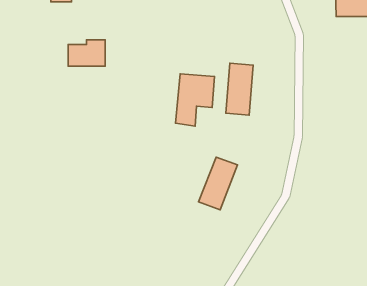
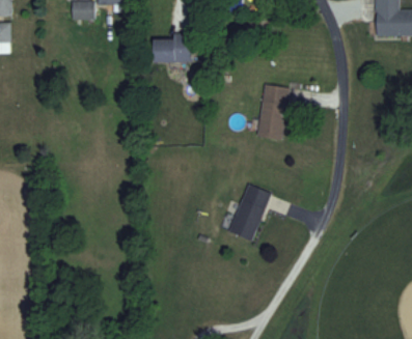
building: [68,40,105,66] -> [153,34,192,62]
building: [176,74,214,126] -> none

